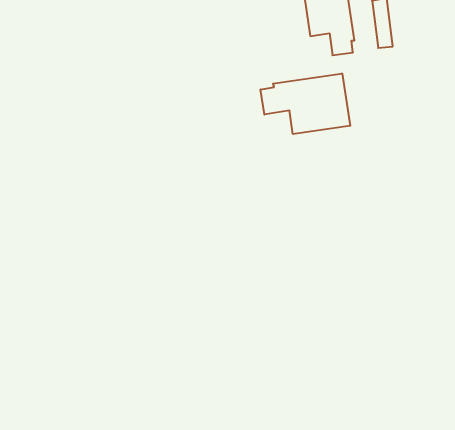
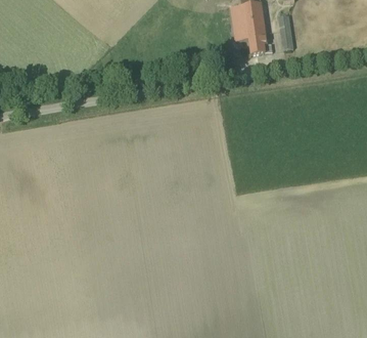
building: [261,73,350,134] -> none

